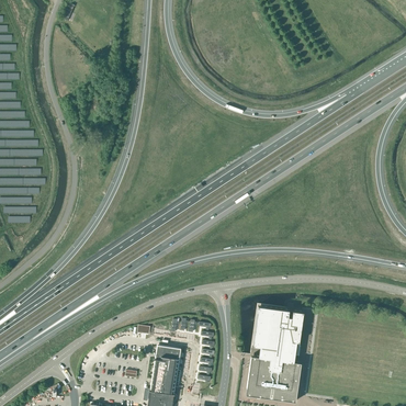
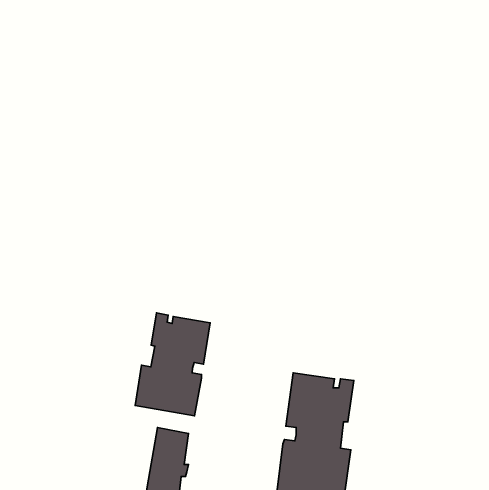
building: none -> [135,313,210,416]

